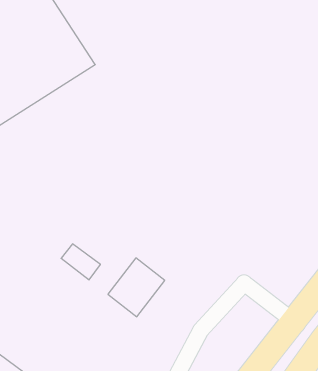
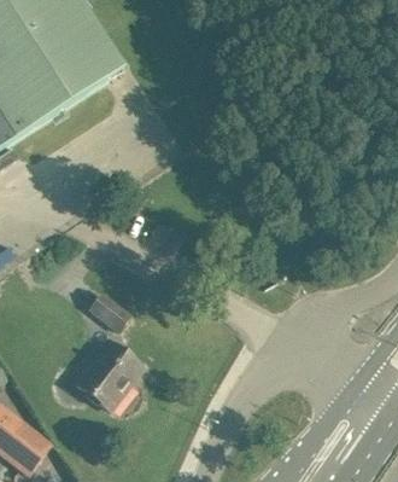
building: [108,258,165,317] -> [76,339,142,408]

